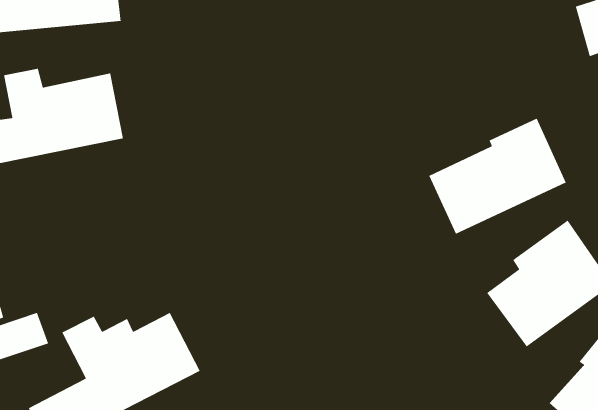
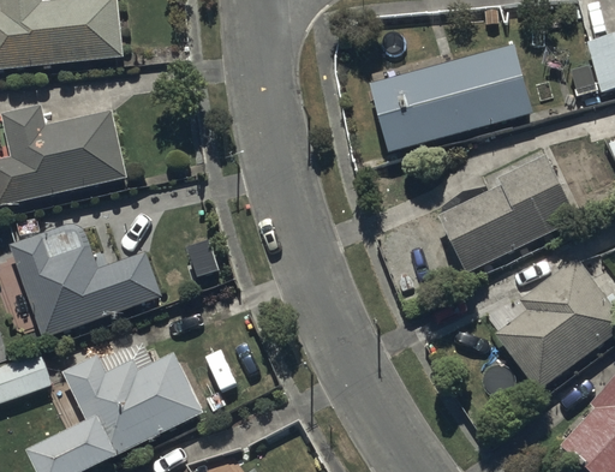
building: none -> [368,44,531,151]
building: none -> [11,220,160,335]

